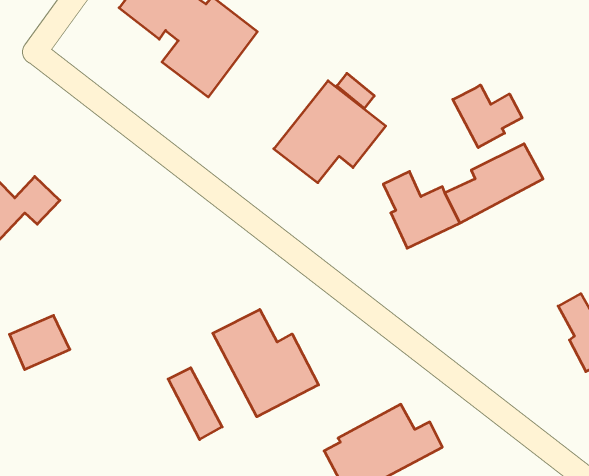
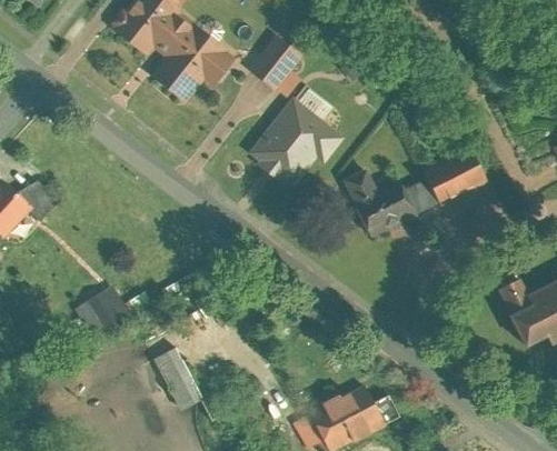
building: none -> [249,33,301,89]
building: [453,85,522,148] -> none
building: [213,309,319,417] -> none
building: [9,315,70,370] -> [80,288,133,335]

